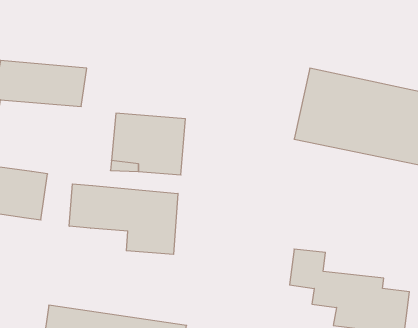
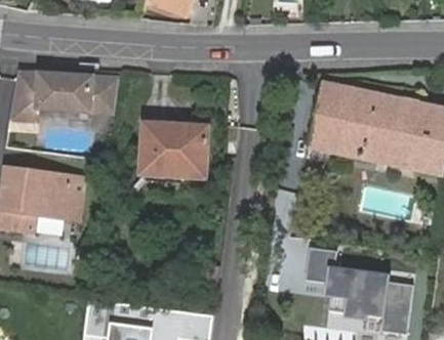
building: [69,184,178,254] -> none

